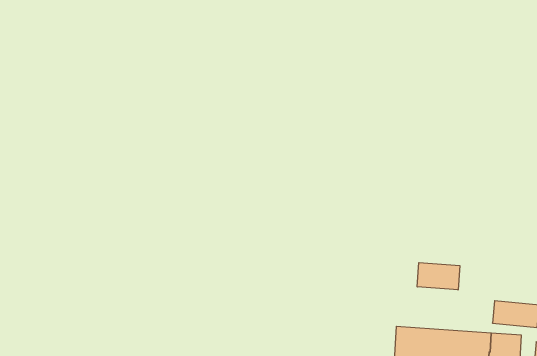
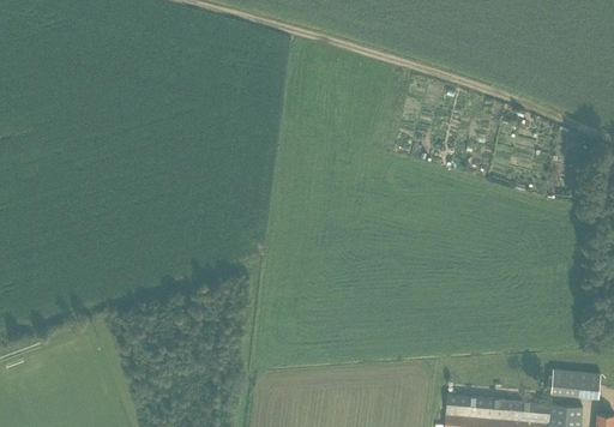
building: [417,263,460,290] -> none

